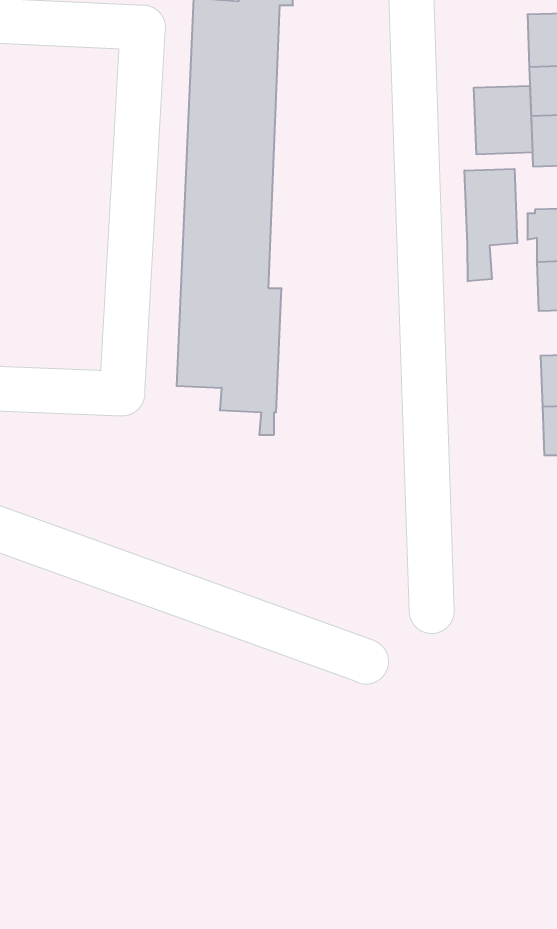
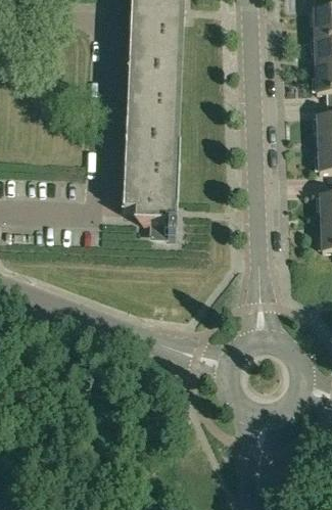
building: [474,86,532,154] -> none
building: [464,169,517,281] -> none

